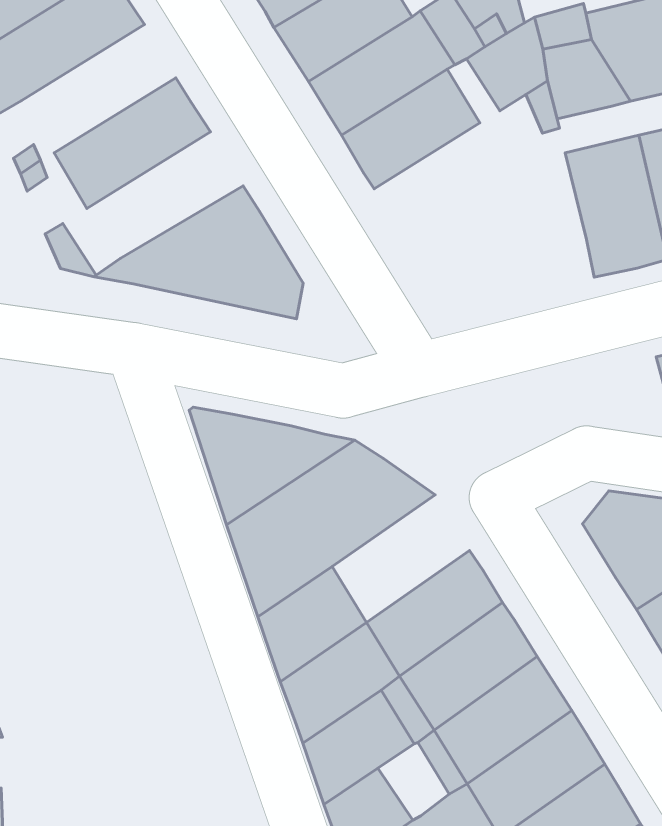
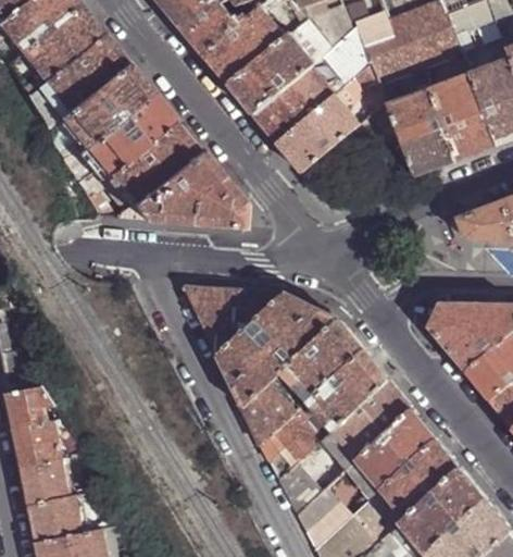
building: none -> [59,63,149,148]
building: none -> [276,95,359,173]
building: none -> [107,122,198,205]
building: none -> [281,320,362,401]

